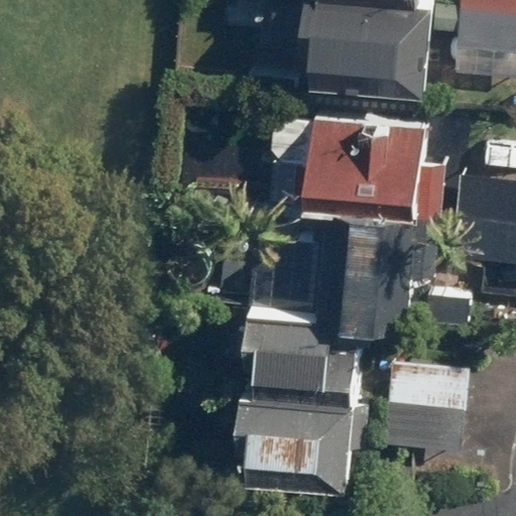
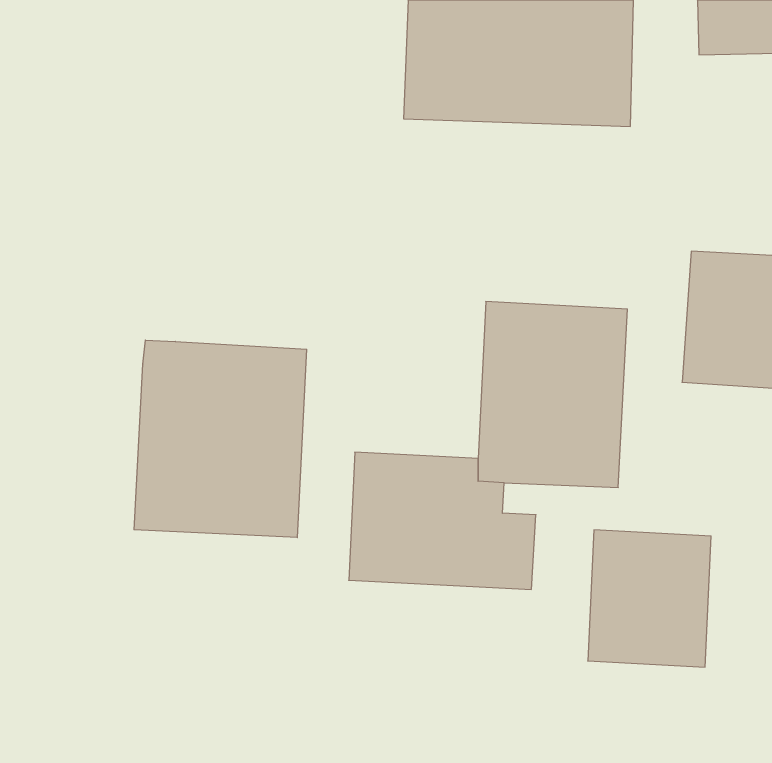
building: [306,122,423,215] -> none
building: none -> [134,340,307,538]
building: [230,394,356,489] -> none

